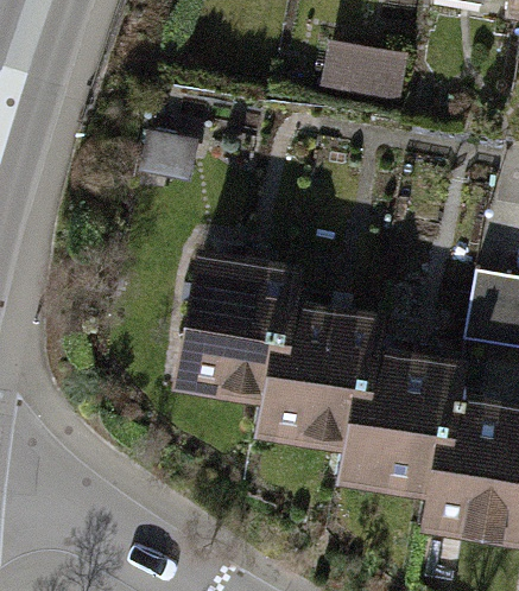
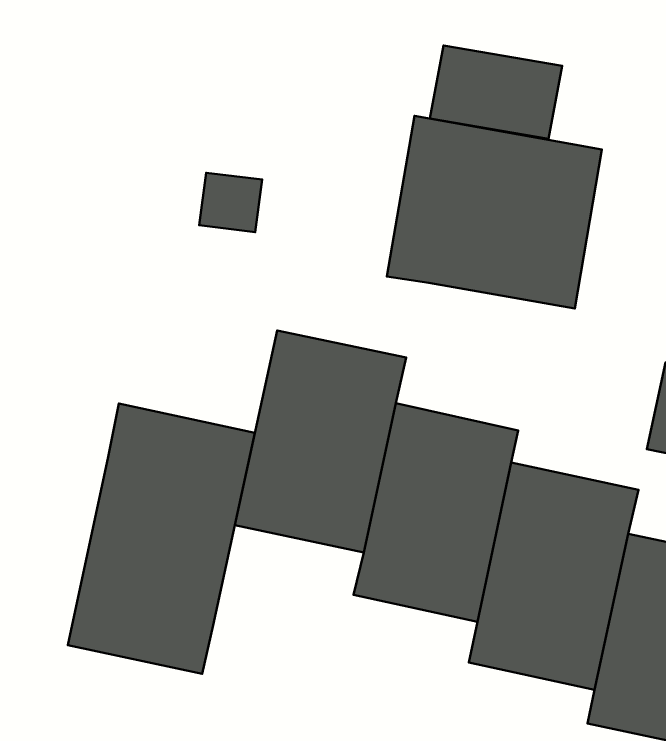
building: none -> [387,116,602,308]
building: none -> [68,403,255,674]

